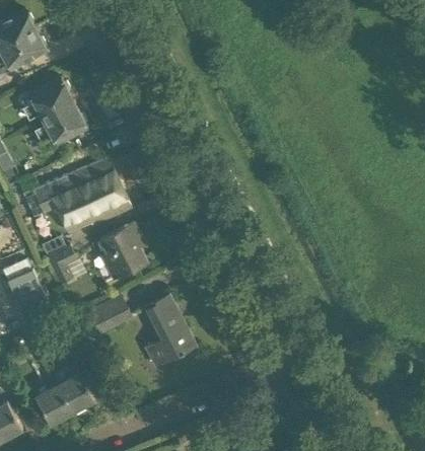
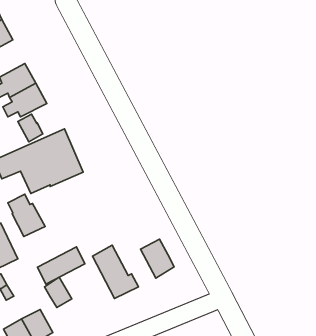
building: none -> [18,114,43,142]
building: [100,222,148,278] -> none
building: none -> [141,239,174,278]
building: none -> [45,277,72,308]

